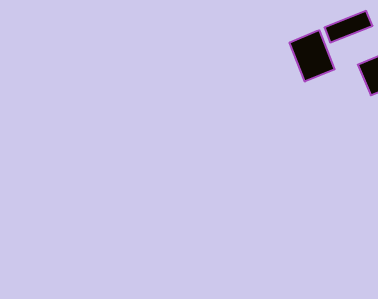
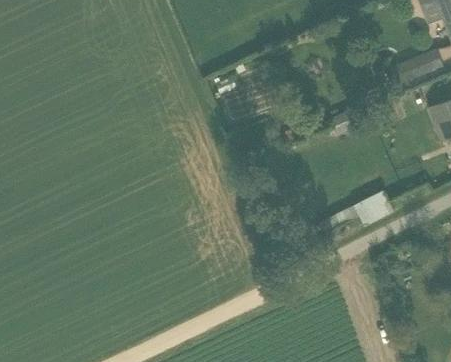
building: [290,30,335,82] -> none

